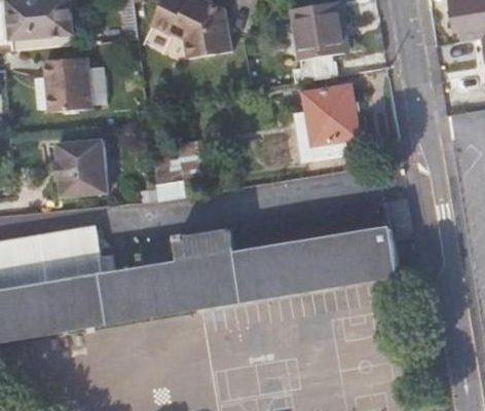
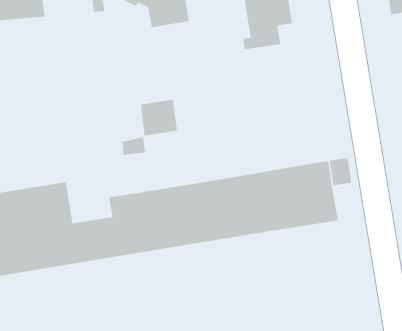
building: [44,57,91,112] -> none
building: [291,83,360,162] -> none
building: [57,140,107,198] -> none

